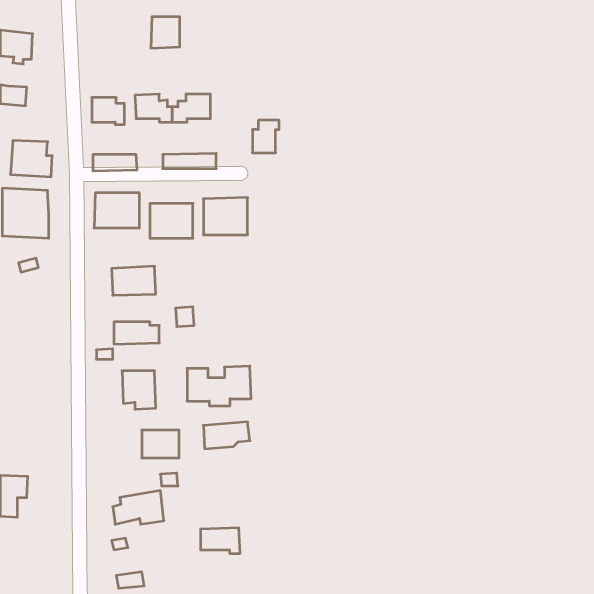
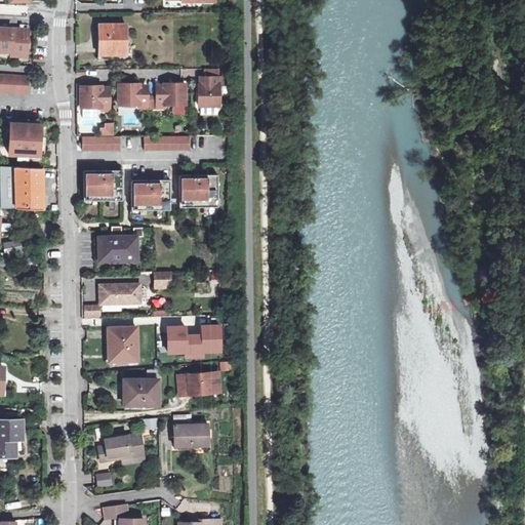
building: [151,17,180,48] -> [100,26,126,53]
building: [252,120,279,153] -> [200,77,224,106]
building: [201,528,240,553] -> [174,423,209,446]

